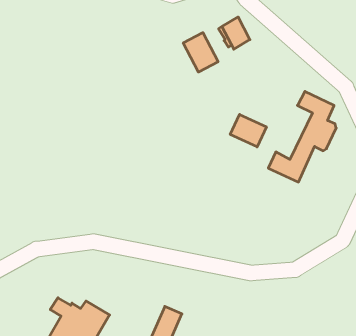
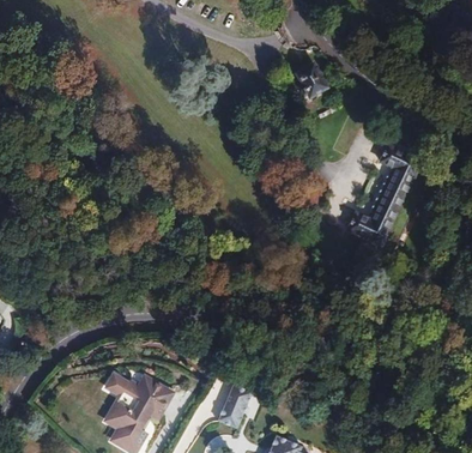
building: [183,33,218,72] -> none
building: [230,114,266,147] -> none

